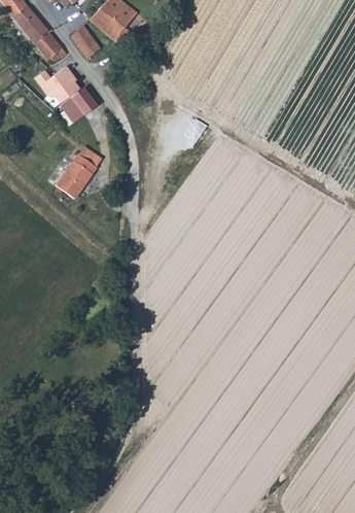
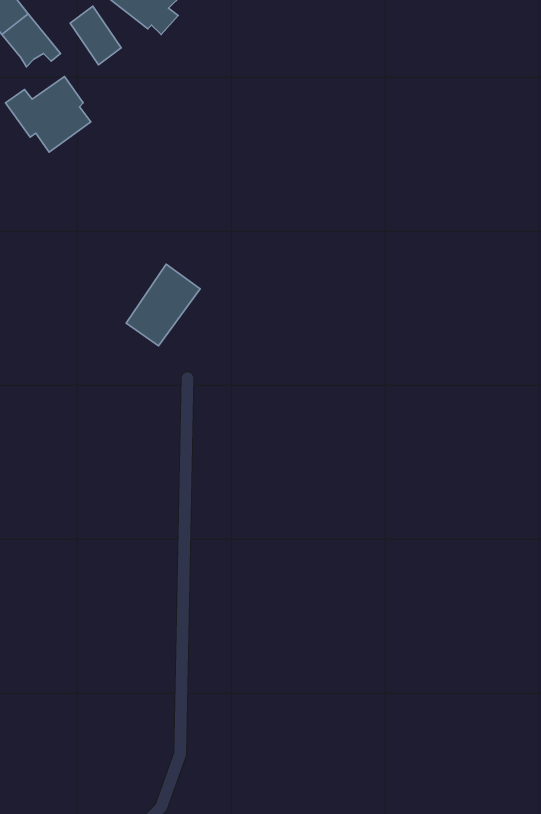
building: [60,88,95,122] -> none
building: [58,153,98,198] -> [126,264,200,346]

